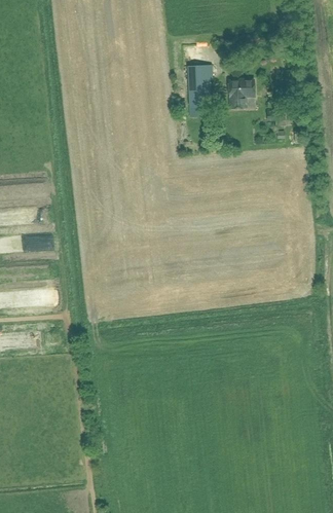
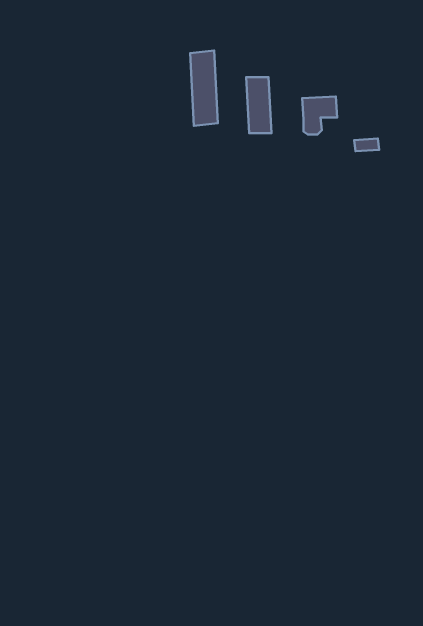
building: none -> [190,50,218,126]

